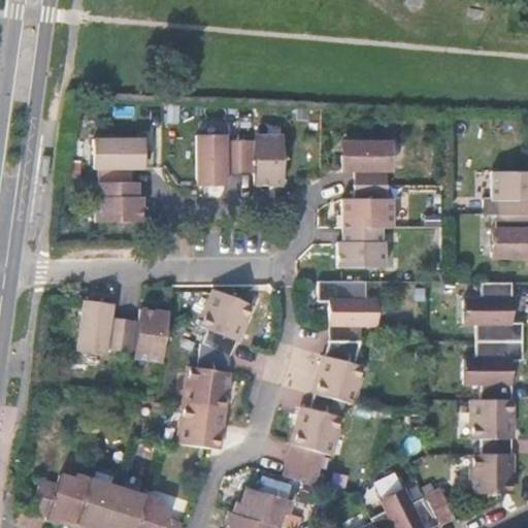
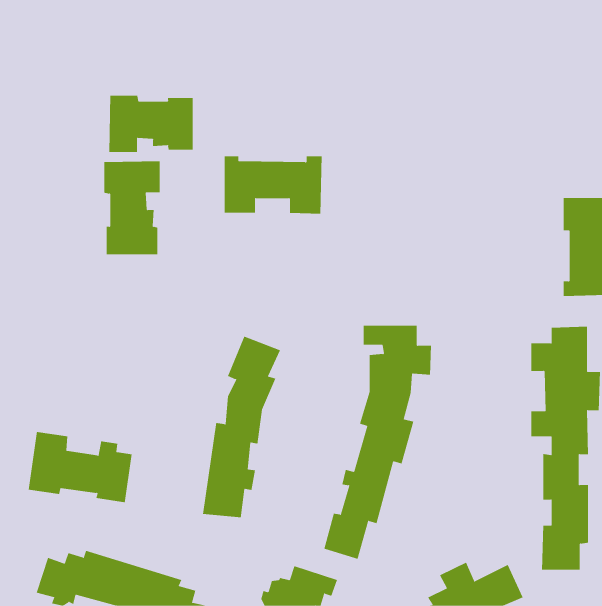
building: none -> [109,95,193,153]
building: [339,142,394,266] -> none
building: [78,299,169,361] -> [28,431,132,503]

